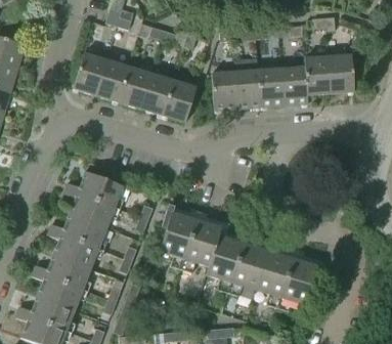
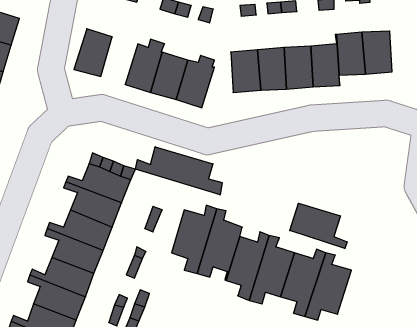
building: [96,59,129,101] -> none
building: none -> [136,147,222,195]
building: none -> [290,203,347,249]

